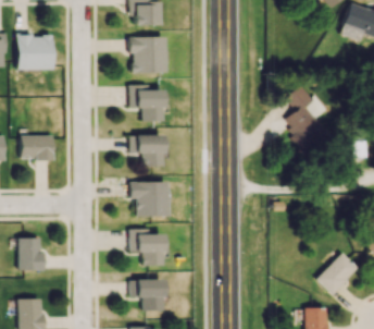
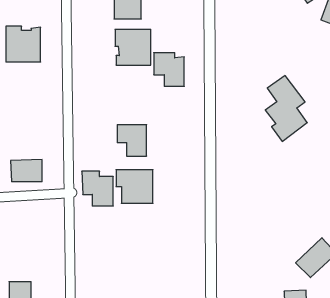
building: [130,85,162,120] -> [154,53,184,86]
building: [22,133,54,156] -> [11,160,42,182]
building: [130,229,163,265] -> [82,171,113,206]
building: [18,237,42,269] -> none
building: [133,280,163,310] -> none

